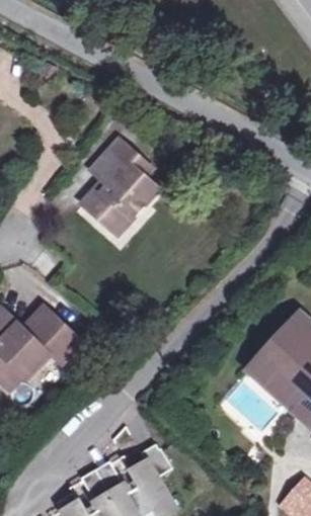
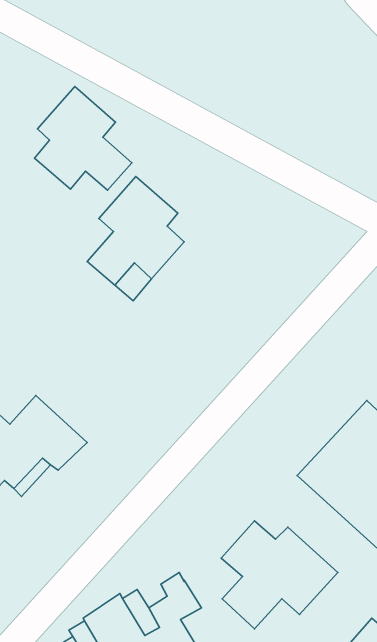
building: none -> [34,86,132,190]
building: none -> [221,521,338,629]

